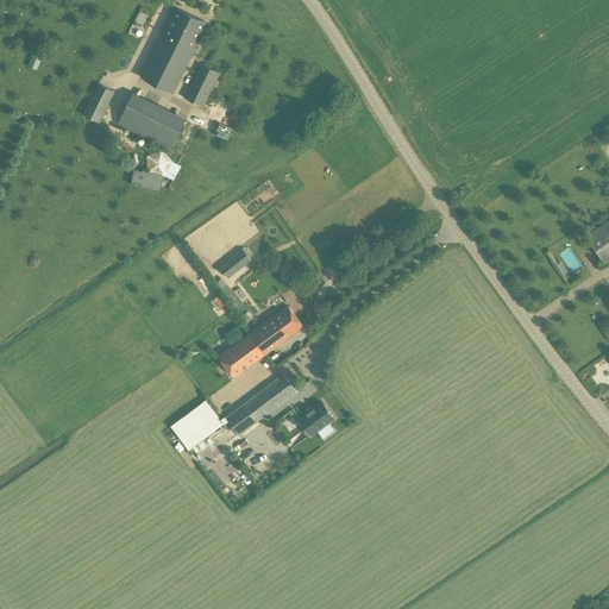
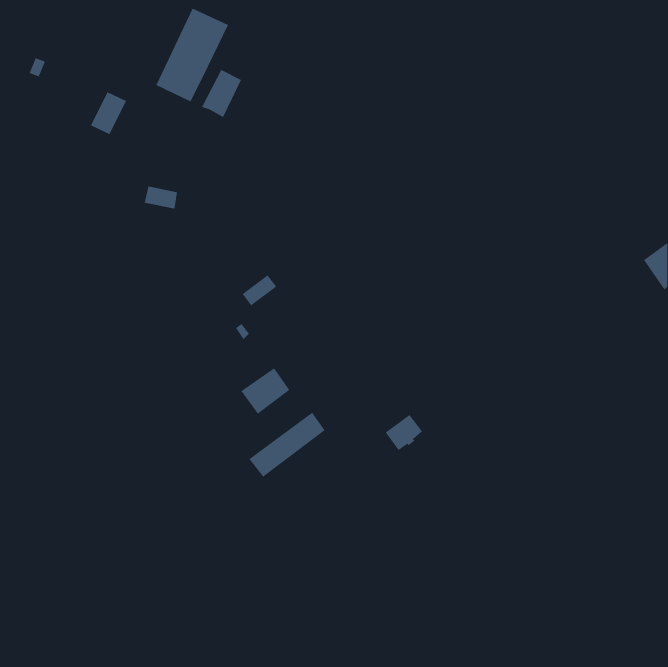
building: [118,94,186,151] -> none
building: [250,307,303,356] -> none
building: [171,400,225,451] -> none
building: [300,403,334,437] -> [385,414,423,451]

